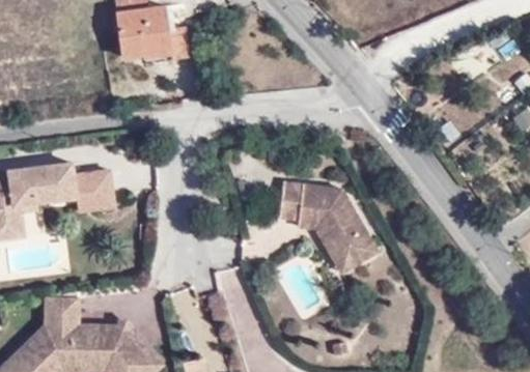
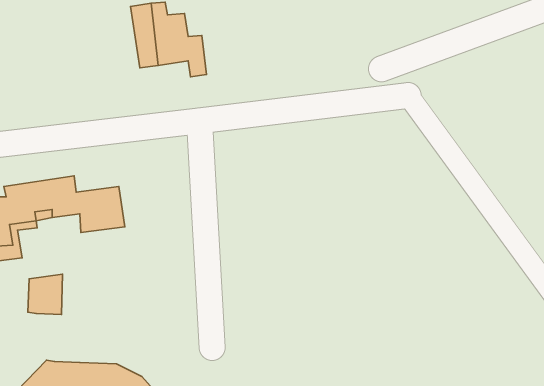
building: [278,184,376,275] -> none
building: [45,290,76,326] -> [28,274,63,315]

